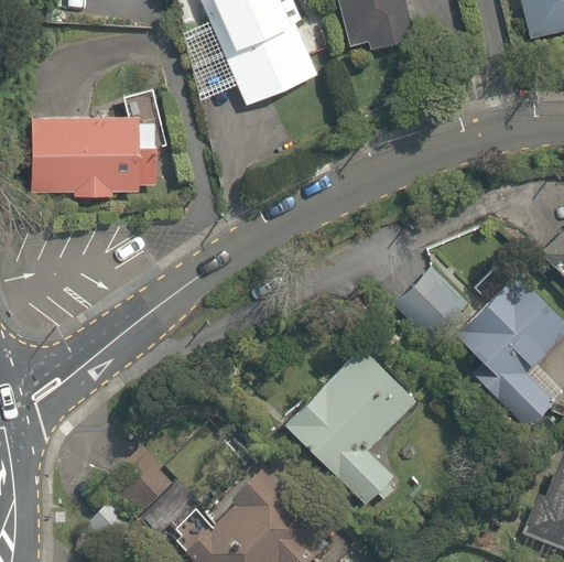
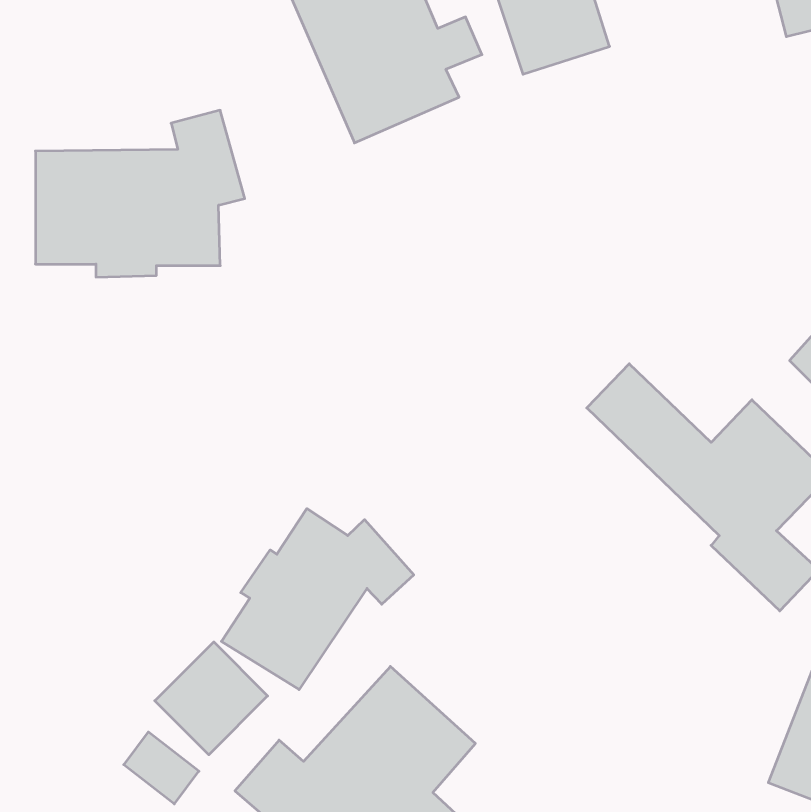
building: [278,342,415,509] -> none
building: none -> [221,509,414,690]

